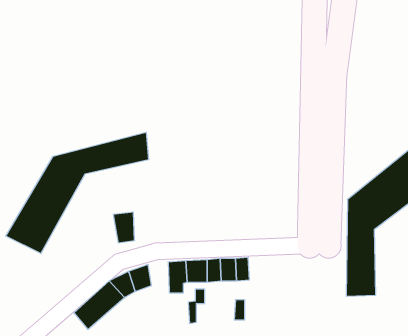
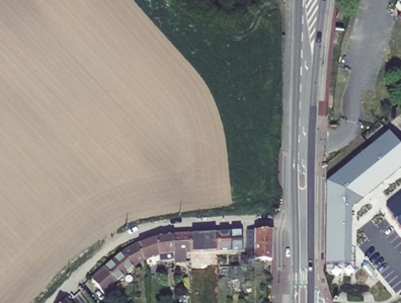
building: [6,132,148,254] -> none
building: [113,212,135,243] -> [157,232,175,258]
building: none -> [255,226,273,257]

